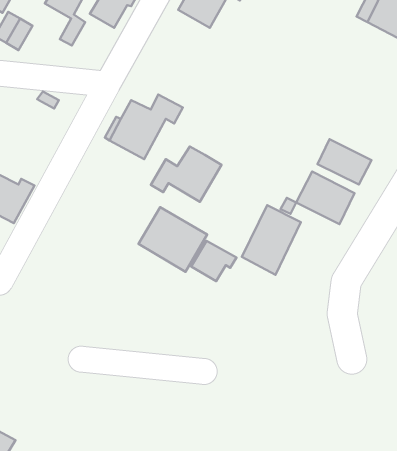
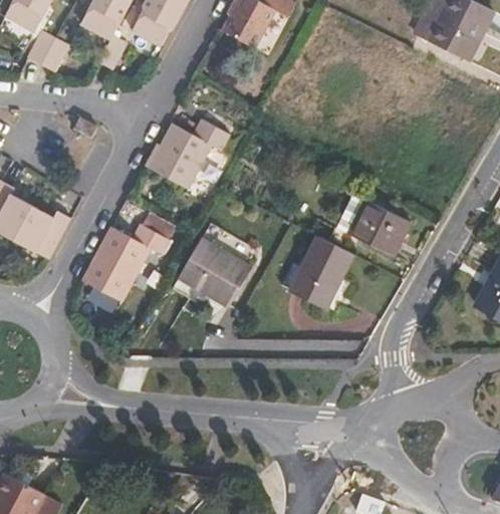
building: [318,139,371,184] -> none
building: [151,146,221,202] -> none
building: none -> [81,224,169,301]
building: [191,241,236,281] -> none

